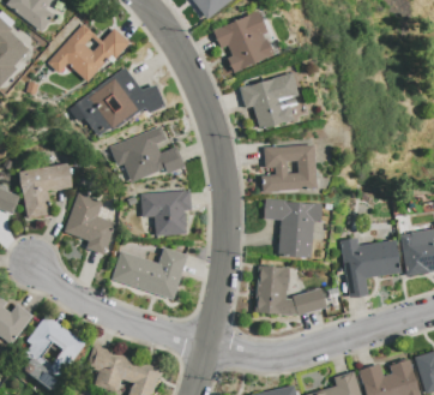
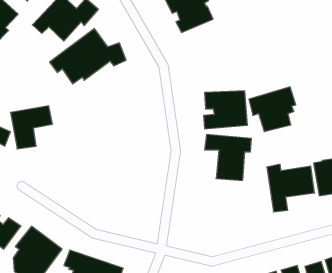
building: [240,72,299,128] -> [249,87,296,132]
building: [109,125,185,181] -> none
building: [140,190,192,235] -> none
building: [64,191,115,253] -> none
building: [111,246,187,299] -> none
building: [254,265,326,315] -> none

